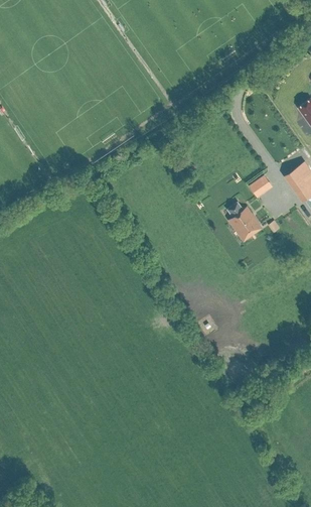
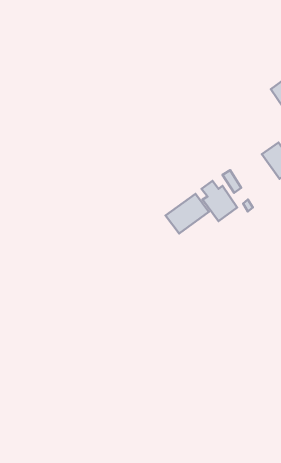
building: none -> [165,194,209,234]

